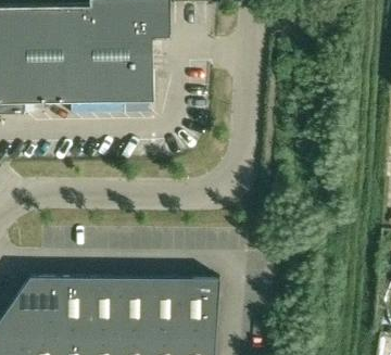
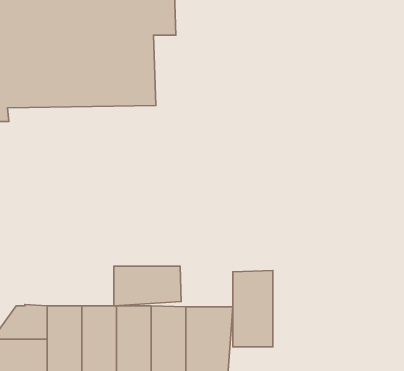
building: none -> [114,266,181,306]
building: none -> [233,271,273,347]

